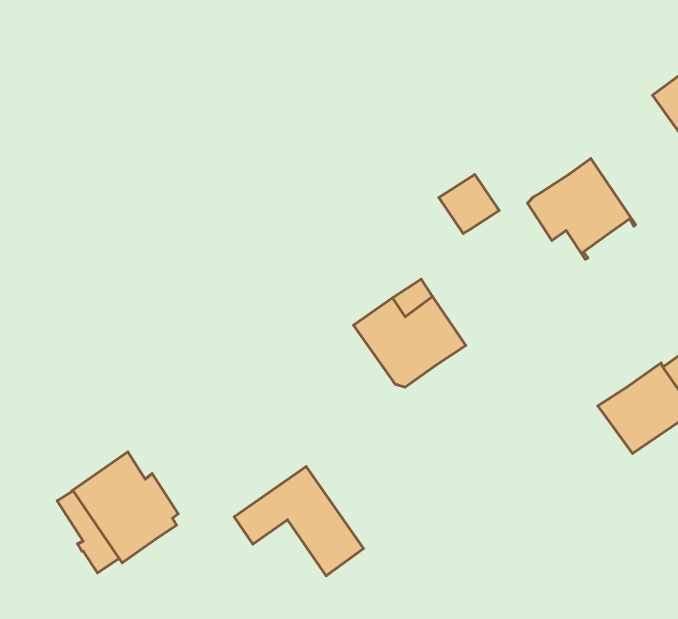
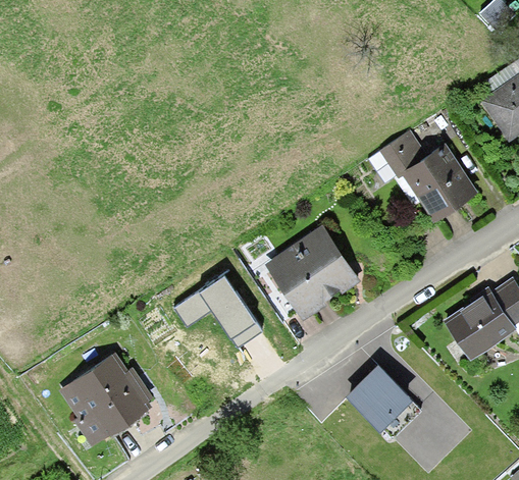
building: [439,175,499,234] -> [384,132,427,174]
building: [234,466,364,576] -> [173,271,265,349]
building: none -> [345,367,418,443]

